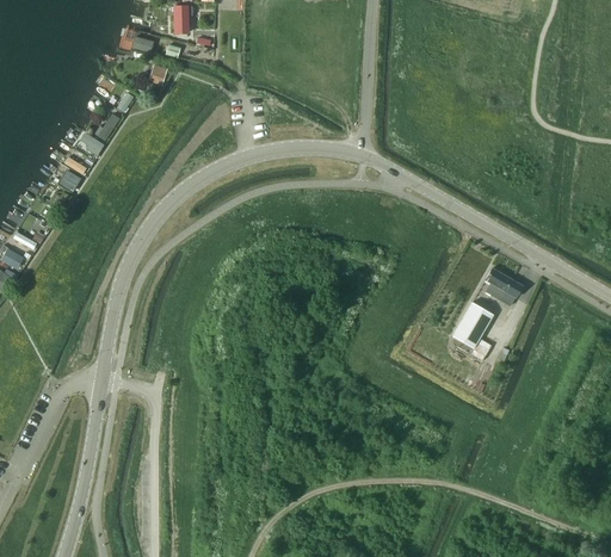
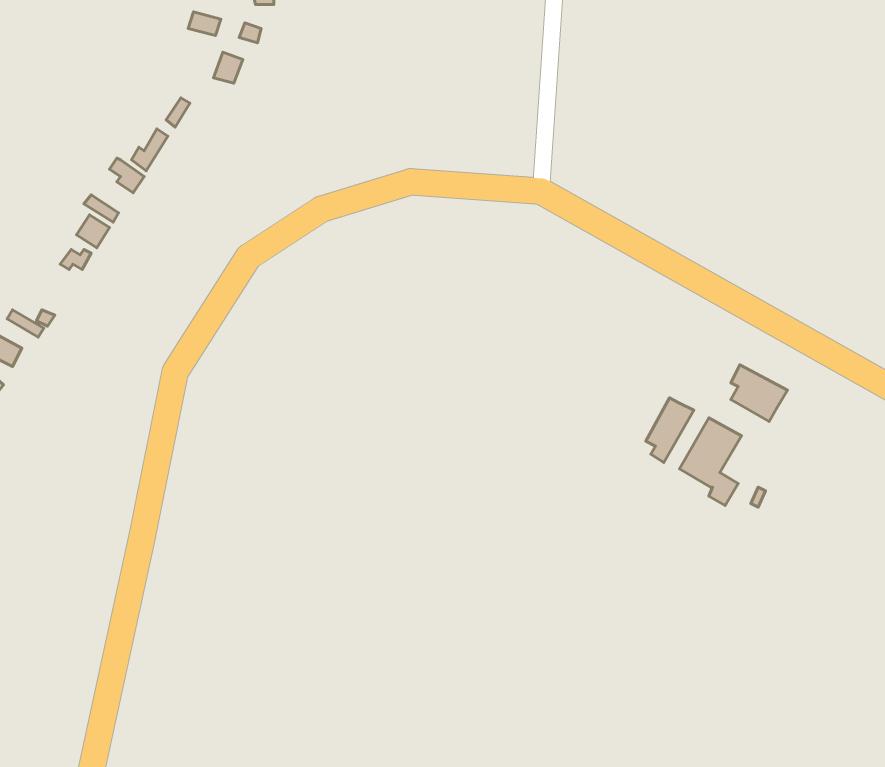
building: none -> [646,398,694,462]

